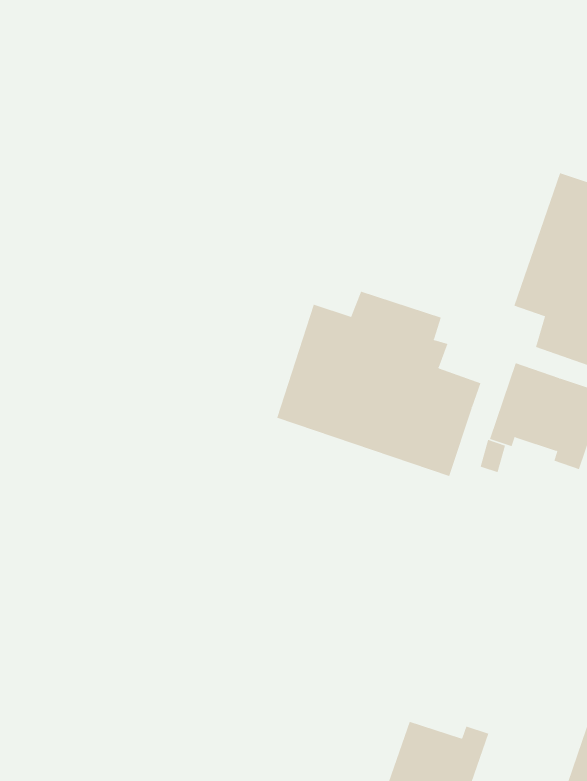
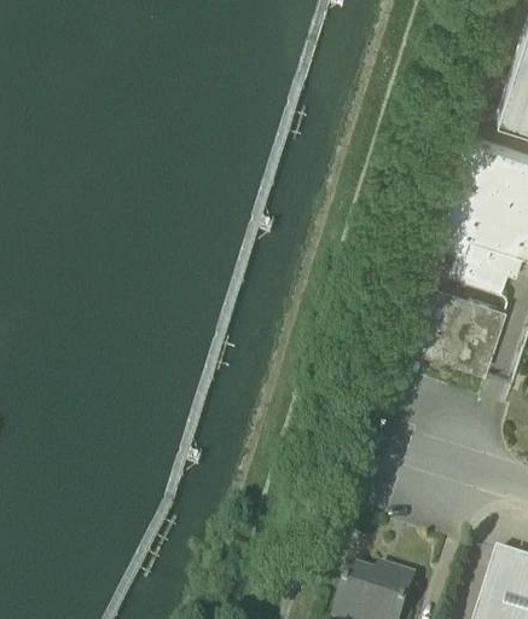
building: [277,291,481,477] -> none

